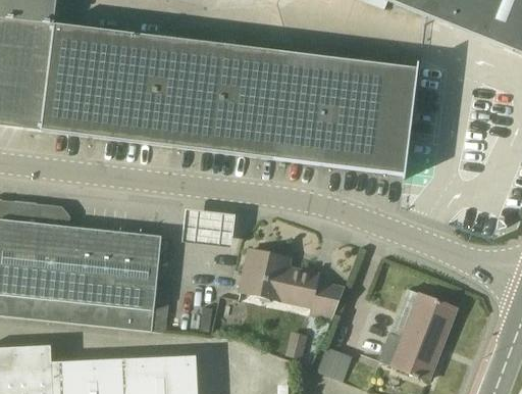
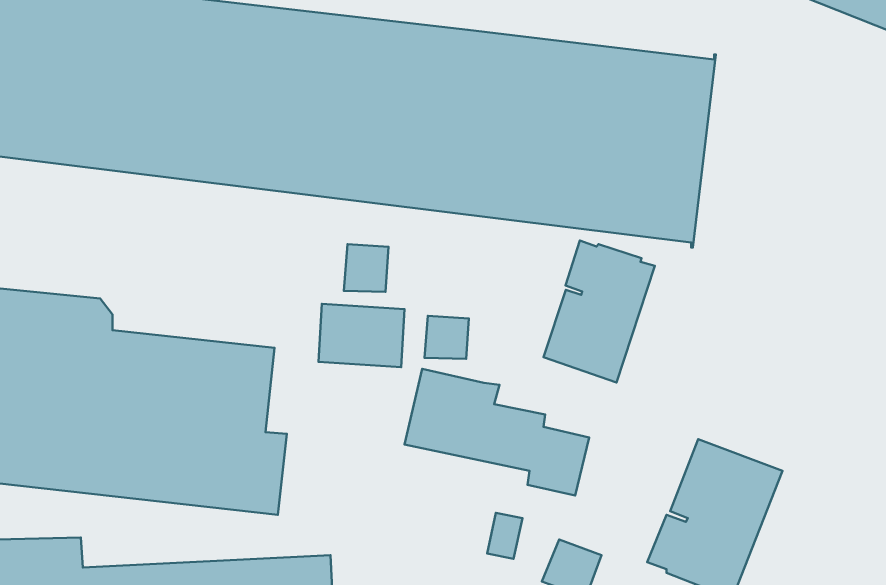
building: none -> [543,241,655,383]
building: none -> [344,244,389,292]
building: none -> [425,316,469,359]

